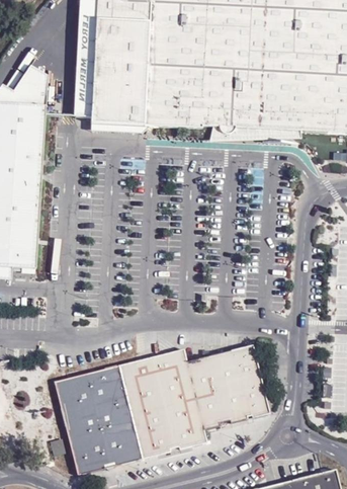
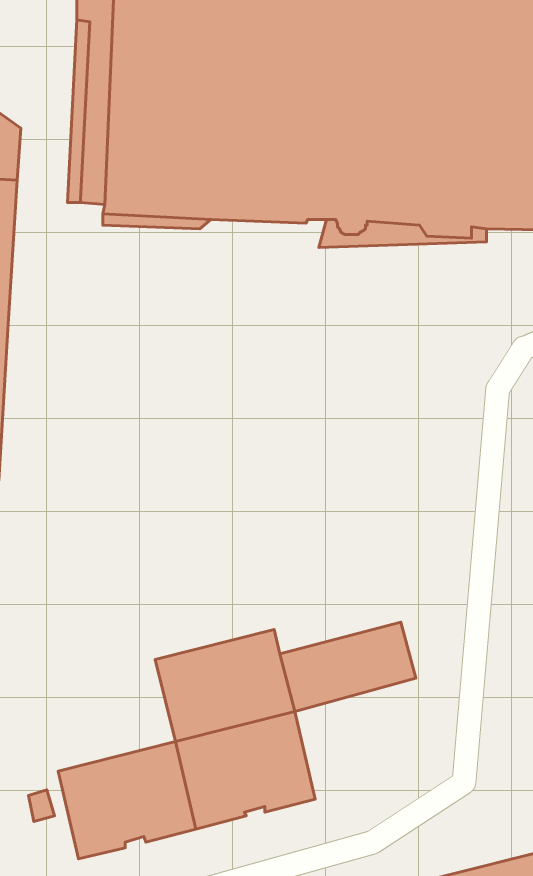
building: [56,365,131,426] -> none
building: [195,376,270,428] -> none

